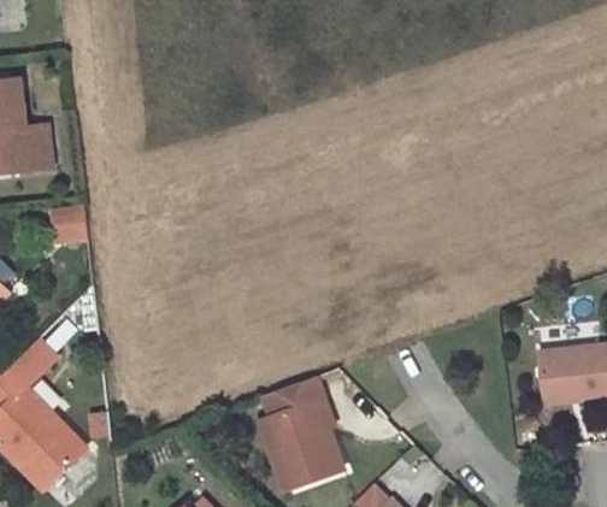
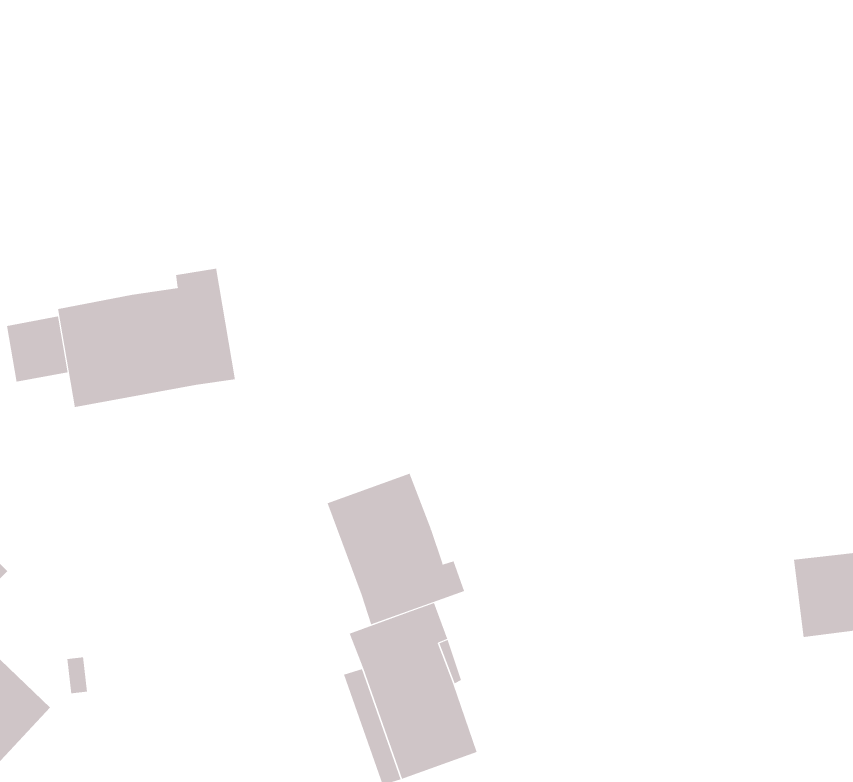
building: none -> [57,268,235,408]
building: none -> [327,473,465,625]

